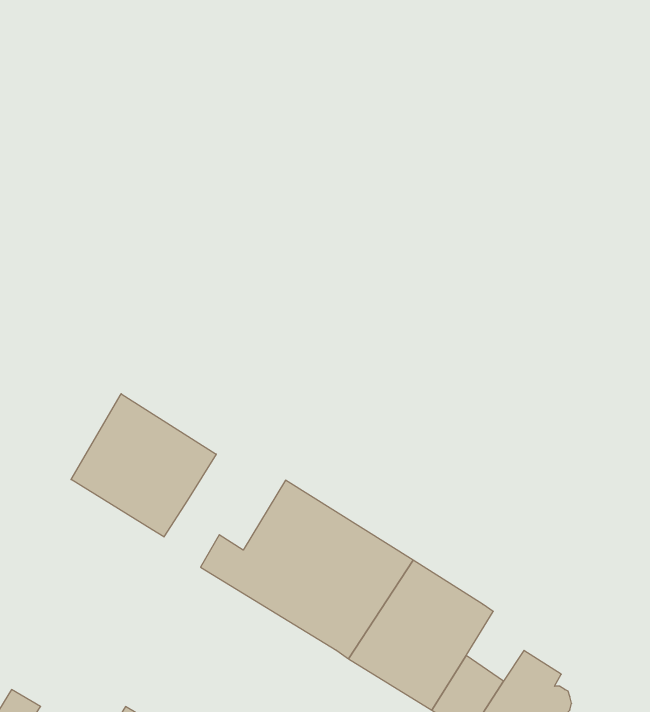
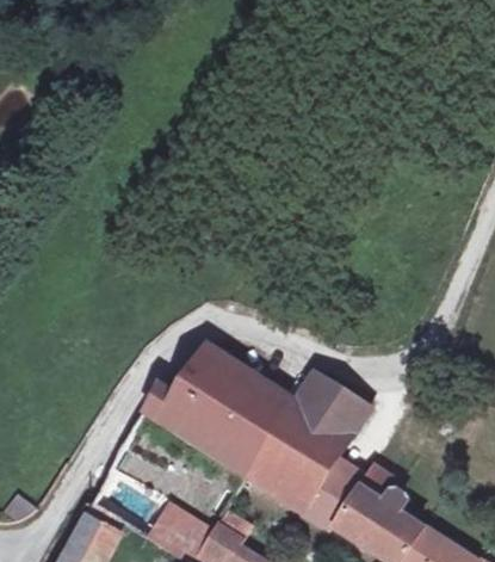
building: [71,394,216,537] -> none
building: none -> [293,372,360,432]

